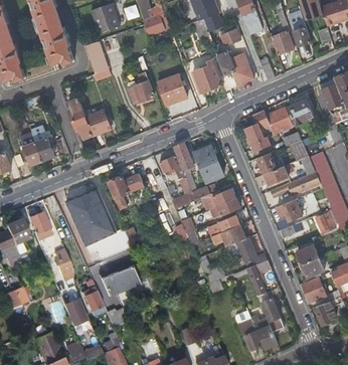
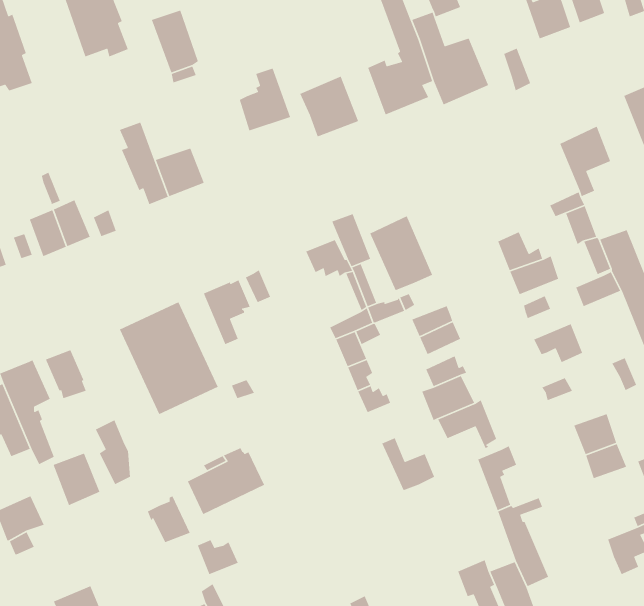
building: [245,108,293,152] -> none
building: [301,277,324,303] -> none
building: [64,299,89,326] -> [53,452,101,506]

